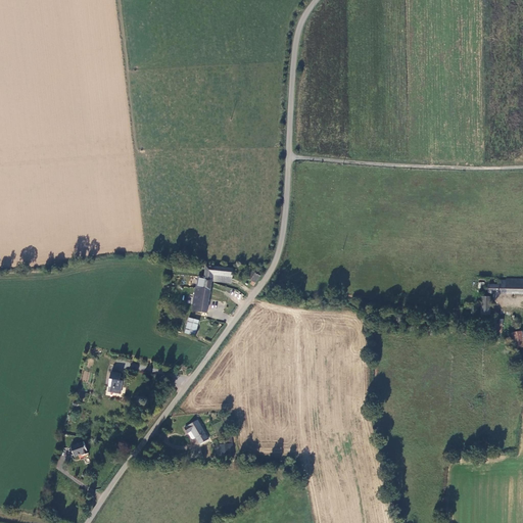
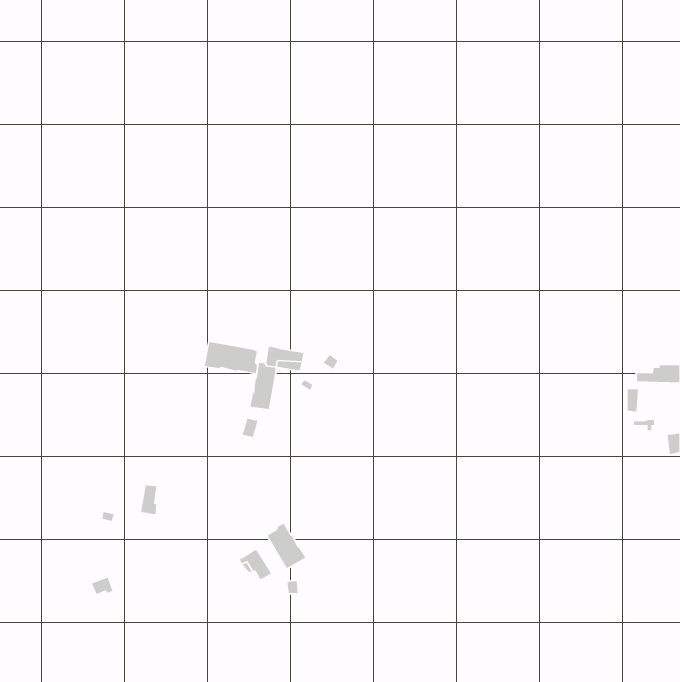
building: none -> [204,341,258,374]
building: none -> [267,522,307,569]

